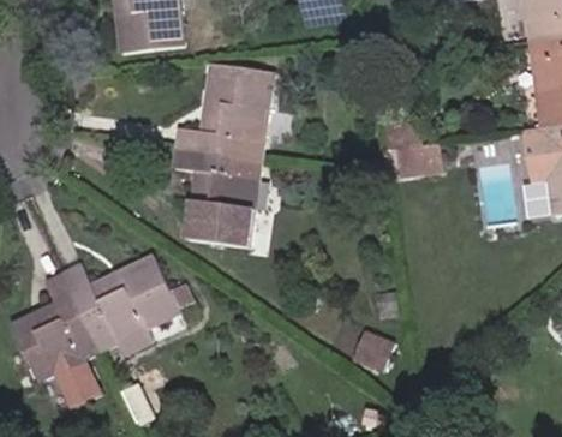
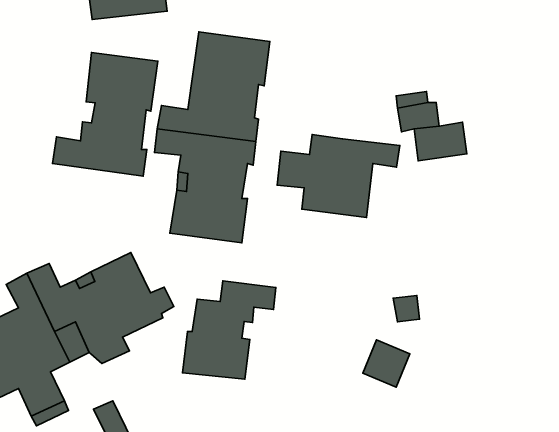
building: none -> [53,53,158,176]
building: none -> [277,134,400,218]
building: none -> [182,281,276,379]

